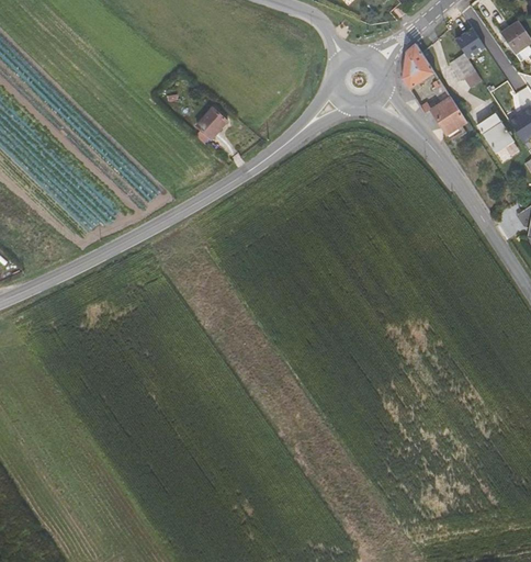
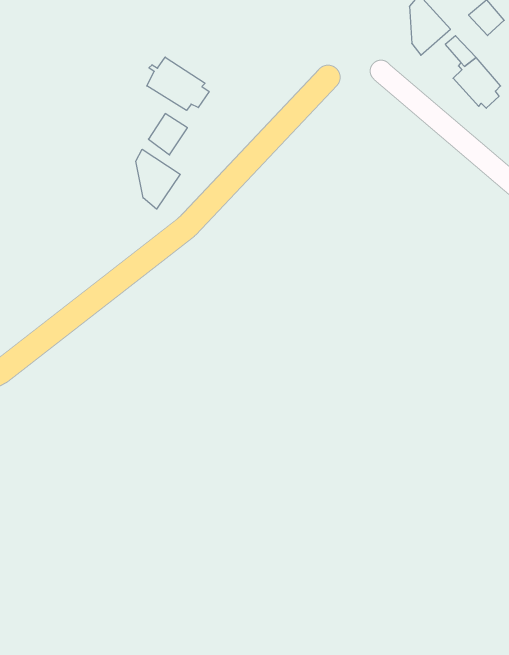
building: none -> [147,57,209,110]
building: none -> [136,149,180,209]

